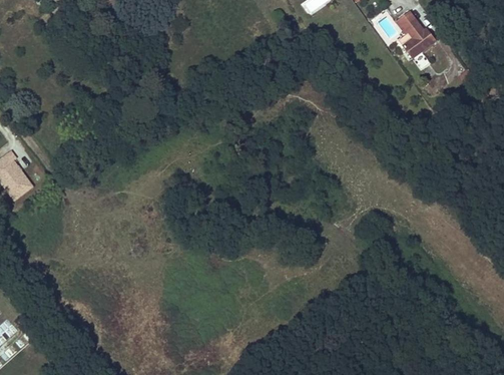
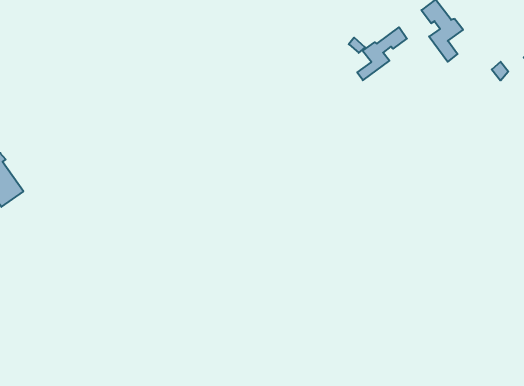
building: none -> [357,27,407,80]

